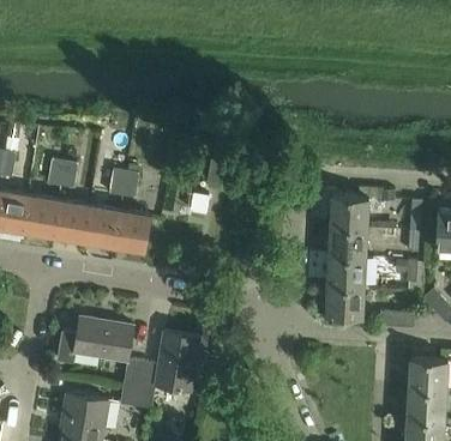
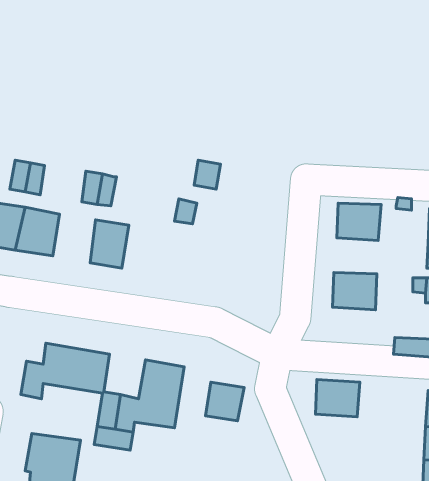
building: [84,206,121,248] -> none
building: [327,226,366,258] -> none
building: [325,286,363,319] -> [316,379,360,417]
building: none -> [205,382,244,421]

